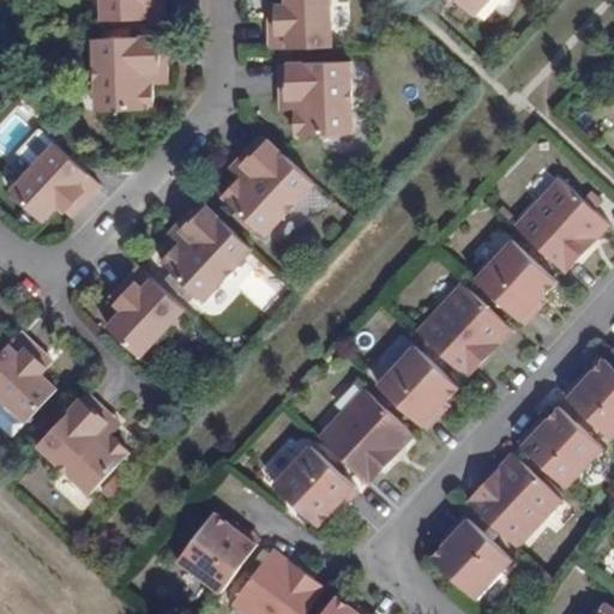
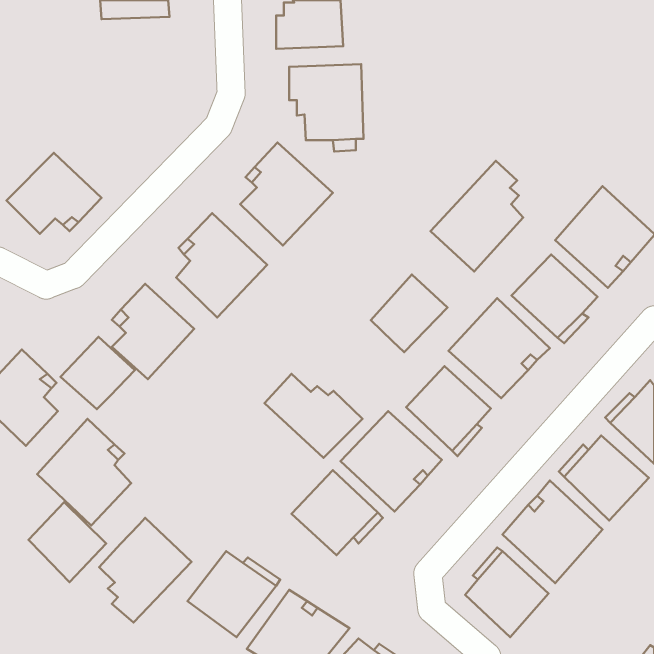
building: [91,35,164,108] -> none
building: none -> [430,161,523,272]
building: none -> [371,275,447,352]
building: none -> [60,337,135,409]
building: none -> [265,374,363,458]
building: none -> [29,502,106,582]
building: none -> [99,518,191,622]

